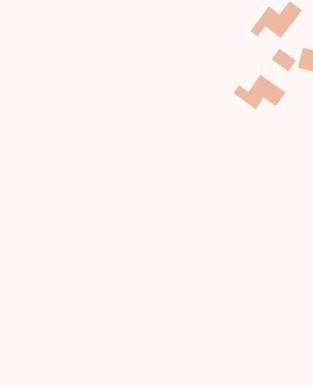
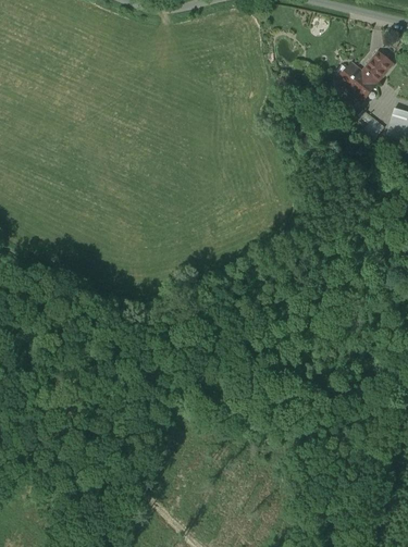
building: [232,74,287,110] -> none

